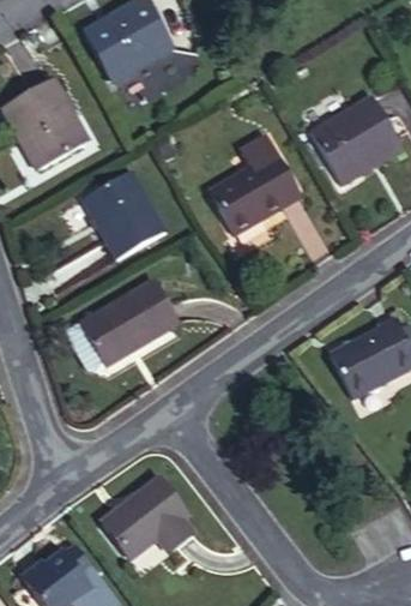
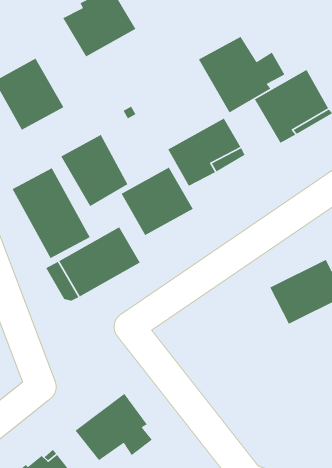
building: none -> [198,36,286,114]
building: none -> [120,167,194,236]
building: none -> [11,167,91,259]

